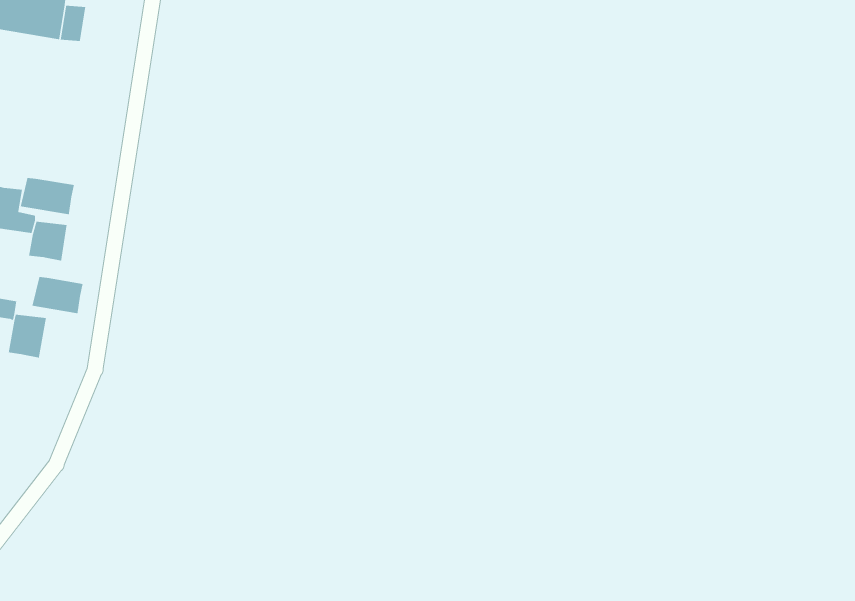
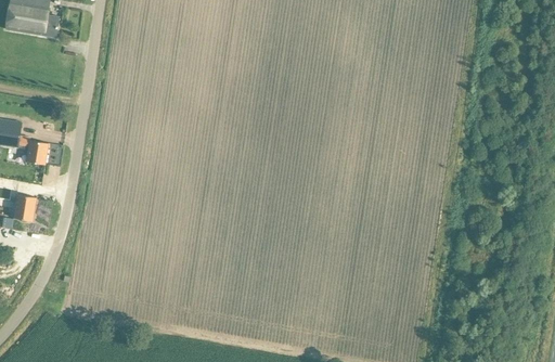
building: [20,177,75,215] -> none
building: [31,276,83,314] -> none

